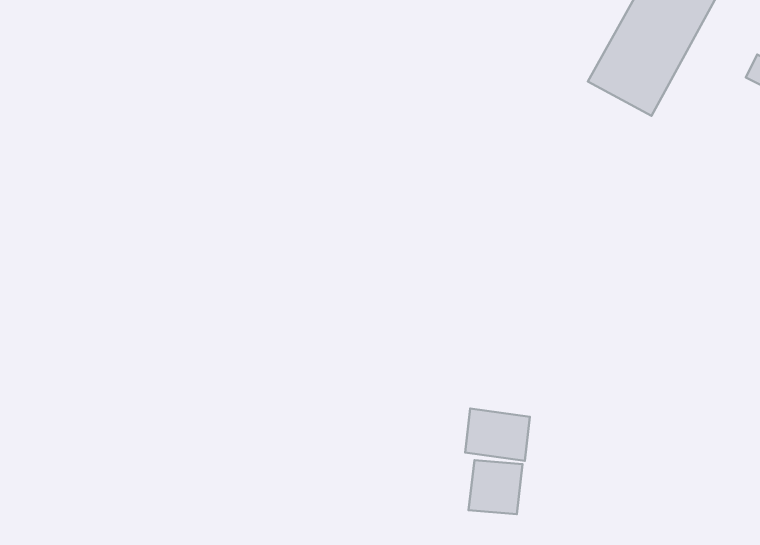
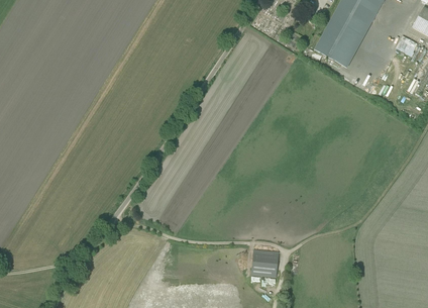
building: [465,408,530,461] -> none

